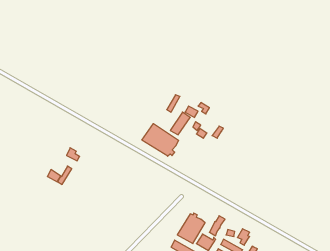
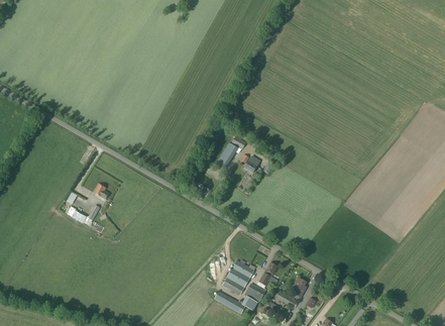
building: [142,124,178,156] -> none

